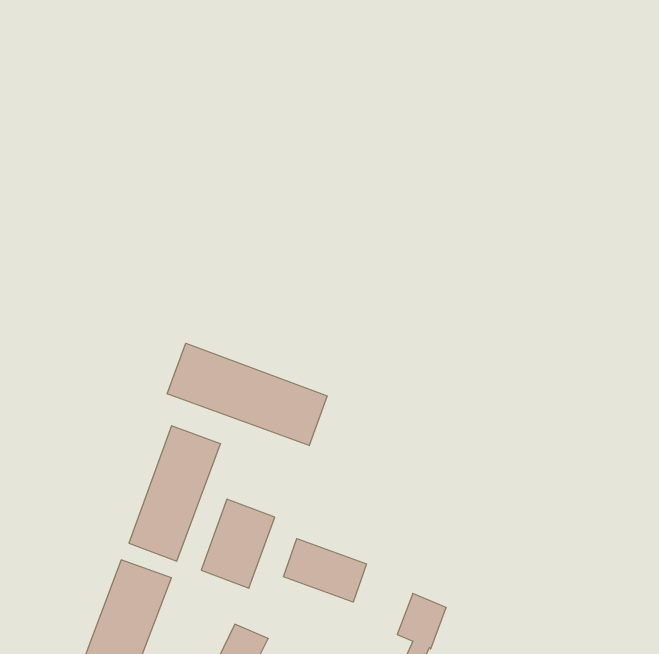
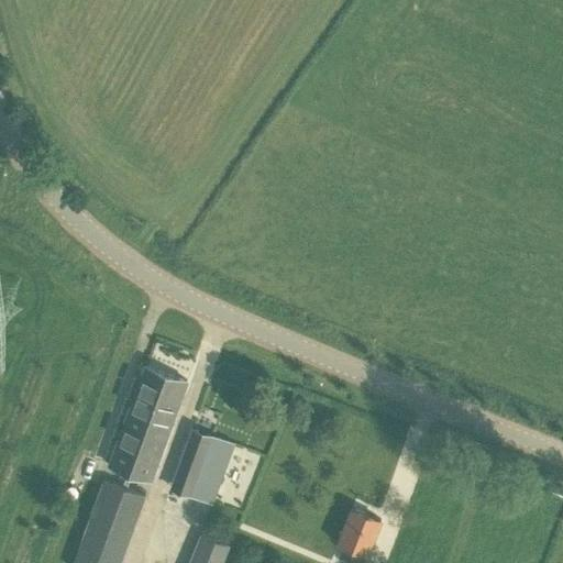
building: [167,343,327,446] -> none
building: [284,539,366,602] -> none

